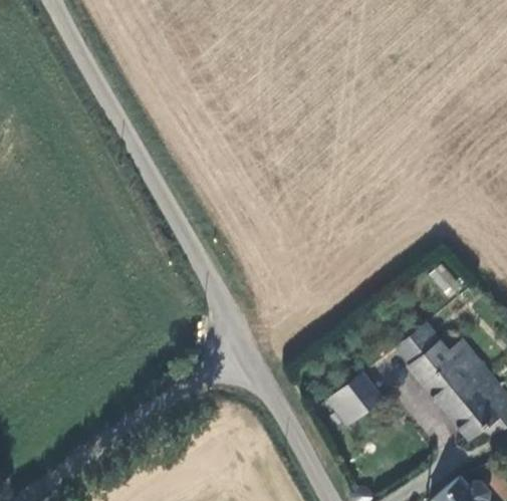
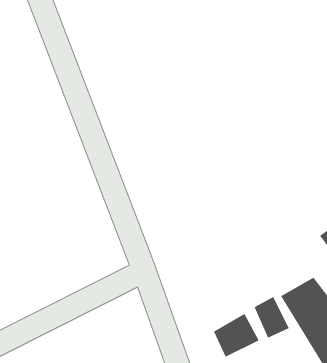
building: none -> [254,296,290,339]

